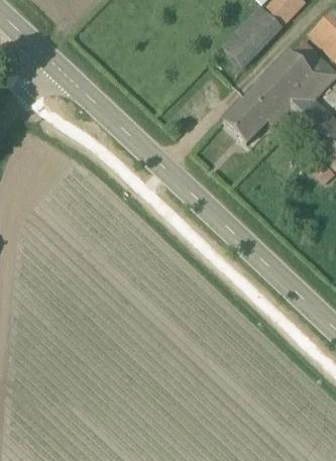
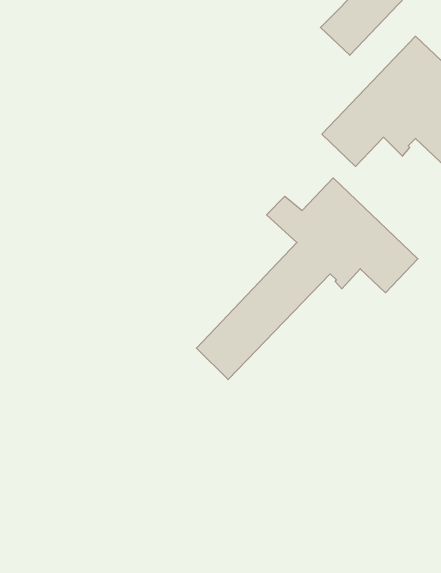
building: none -> [196,178,418,380]

